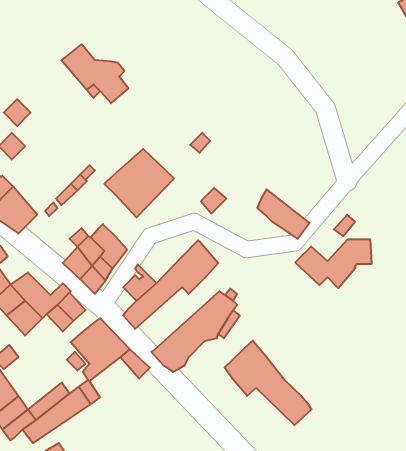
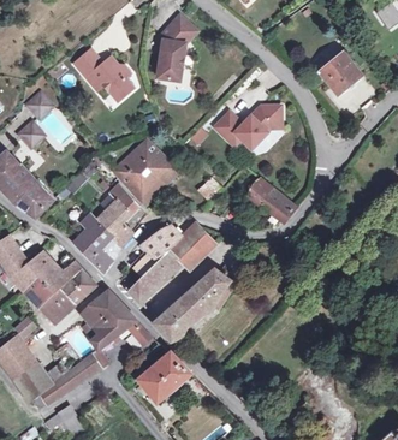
building: none -> [158,13,197,79]
building: none -> [320,52,360,93]
building: none -> [99,184,137,220]
building: [295,240,372,288] -> [214,106,283,149]
building: none -> [142,225,182,261]
building: none -> [41,289,75,322]
building: [225,341,311,425] -> none
building: none -> [139,352,191,402]

